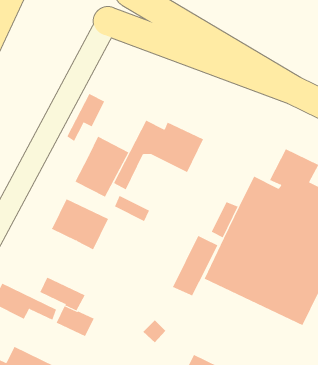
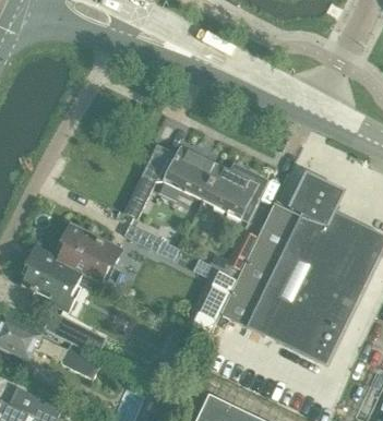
building: [67,93,105,142] -> none
building: [74,136,129,198] -> none
building: none -> [203,161,268,220]
building: none -> [22,250,84,305]

